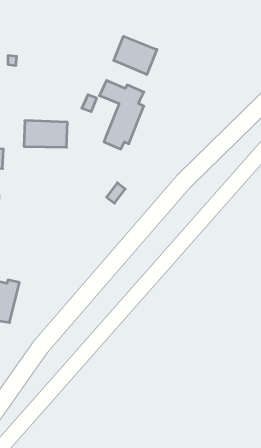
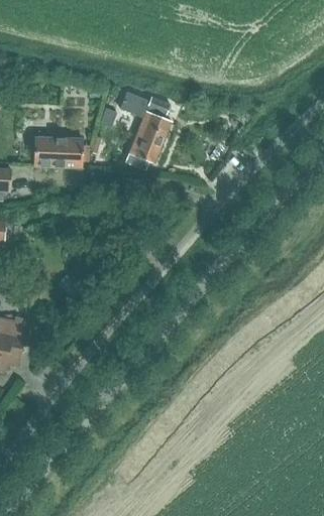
building: [114,36,157,75] -> none

